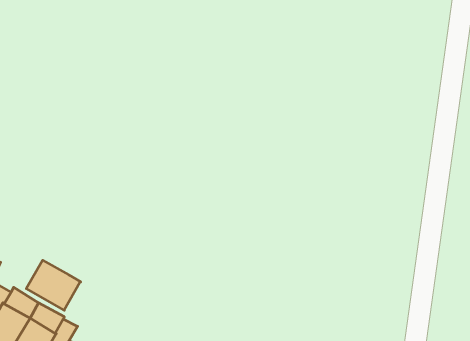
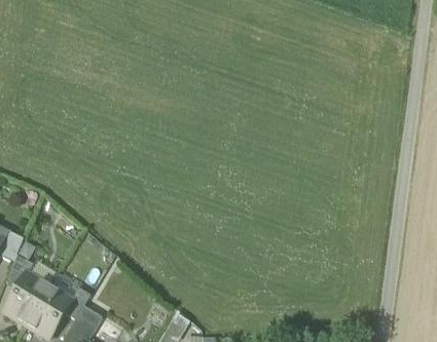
building: [26,260,81,310] -> none

